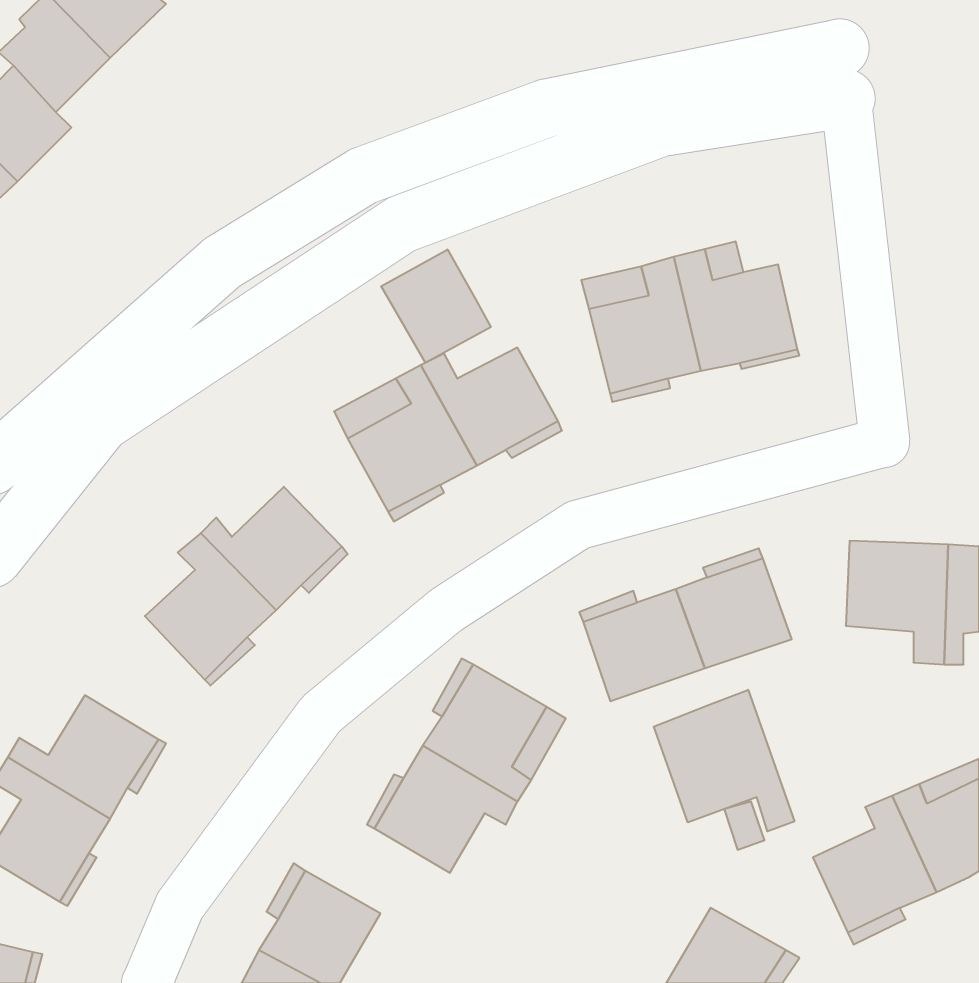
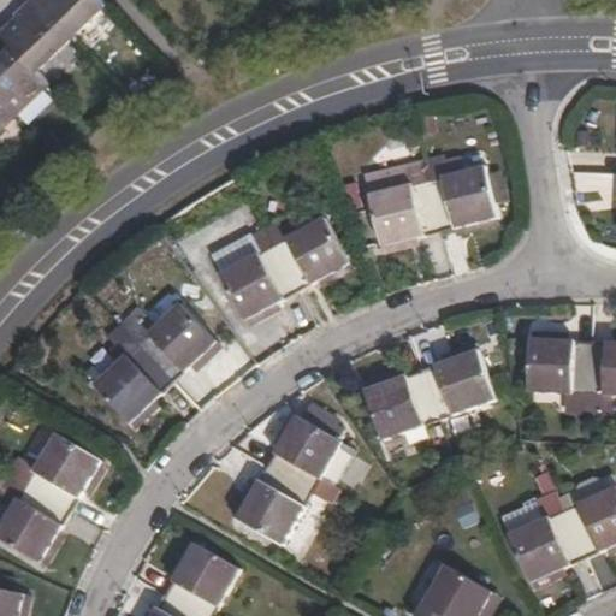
building: [381,249,491,363] -> none
building: [654,690,794,831] -> none

